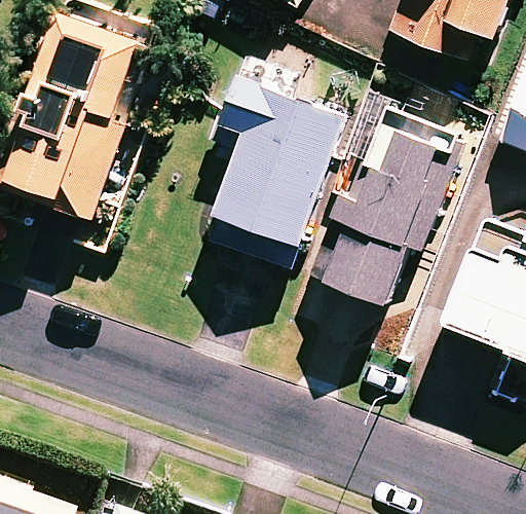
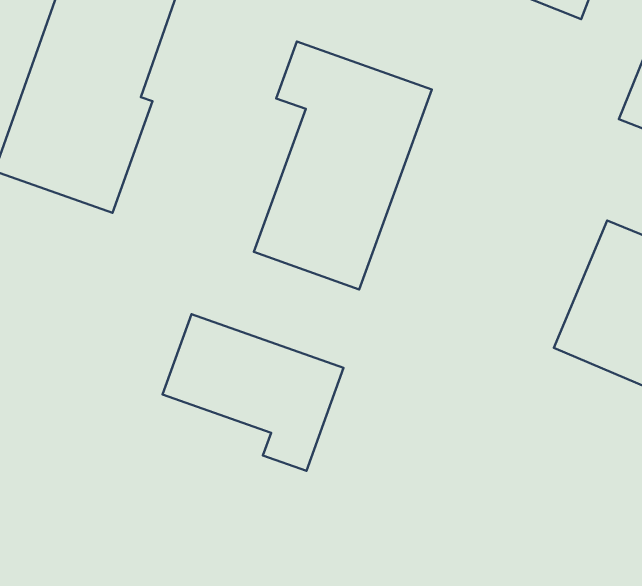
building: [310,127,439,302] -> none
building: none -> [163,314,344,471]

